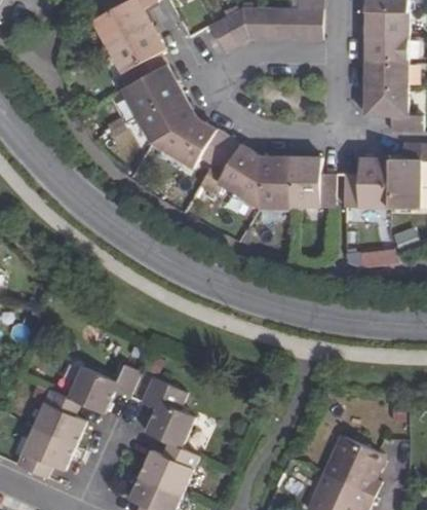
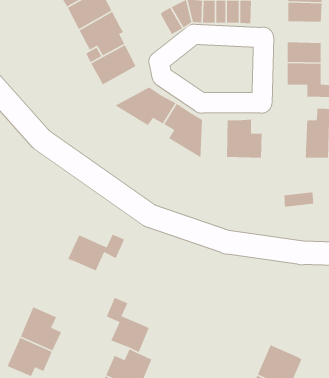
building: [364,37,407,63] -> none
building: [137,93,194,141] -> none
building: [259,158,290,208] -> none
building: [344,158,389,207] -> none
building: [68,366,140,413] -> [67,233,125,271]

